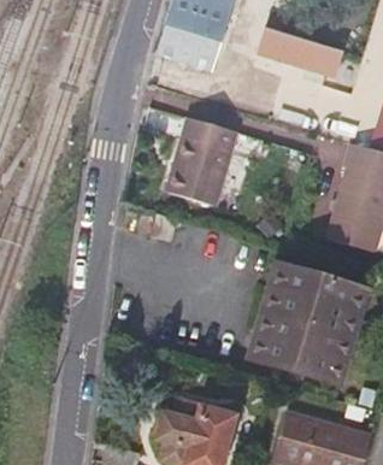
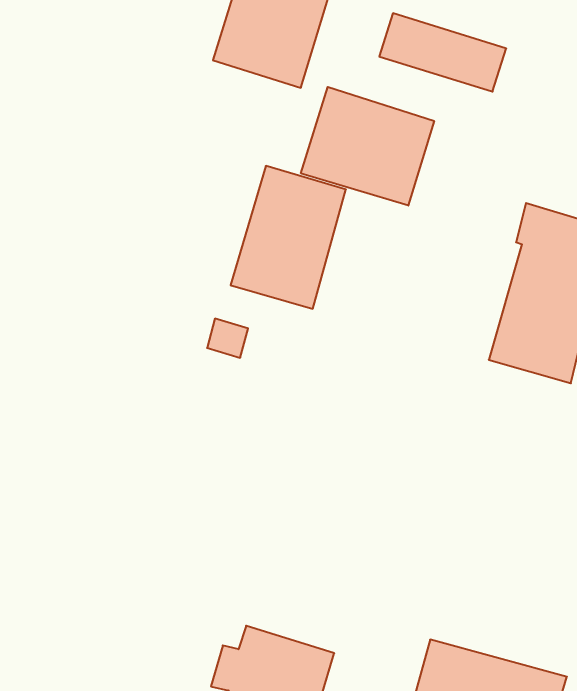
building: none -> [301,87,434,206]
building: [251,263,361,379] -> none

